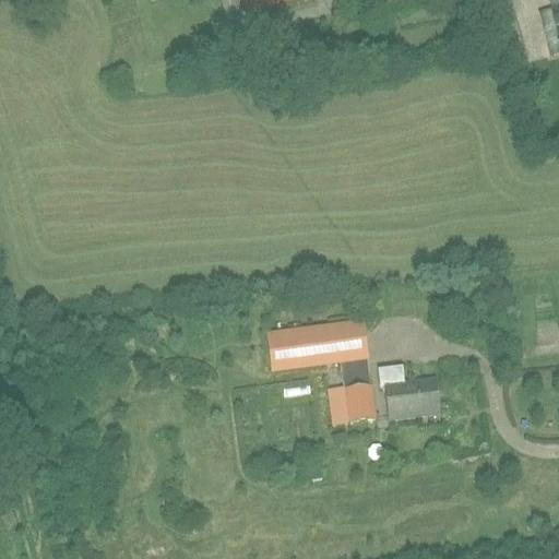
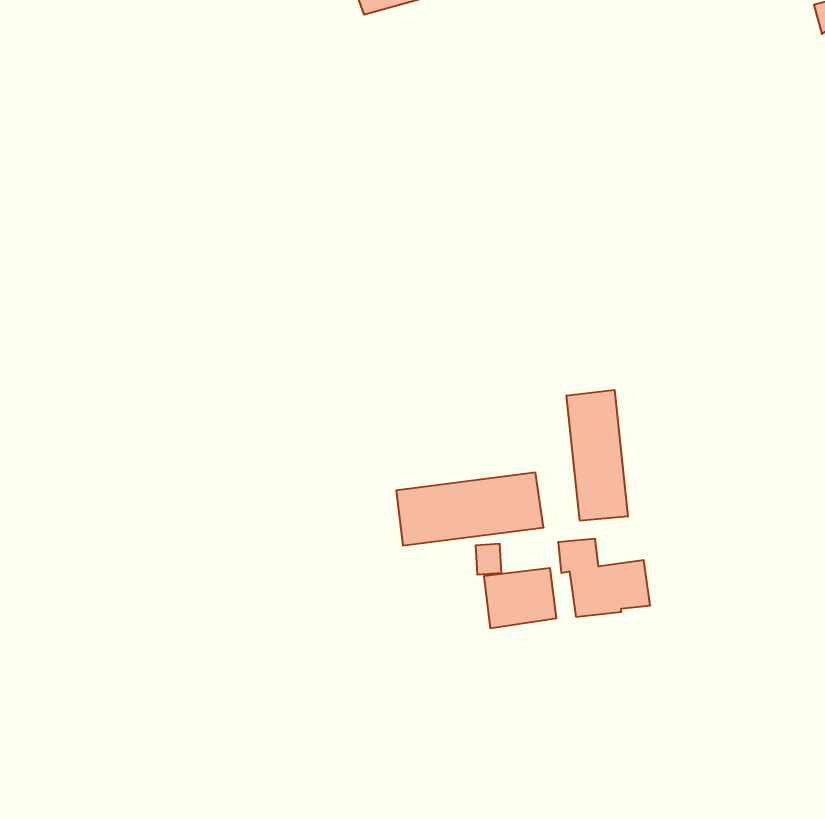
building: none -> [567,390,628,521]

